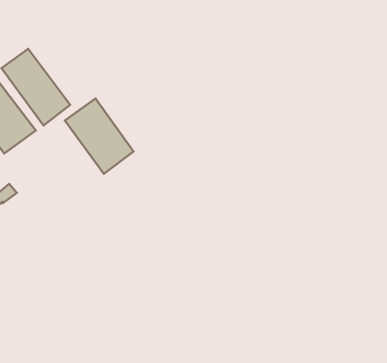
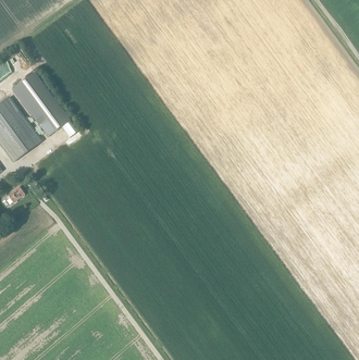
building: [65,98,133,174] -> none

